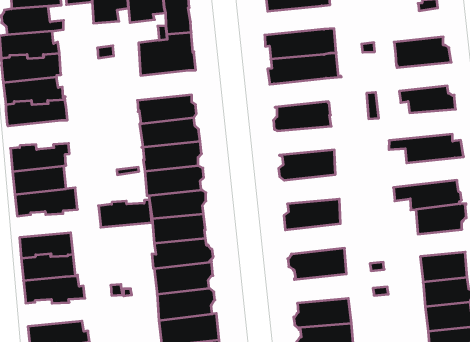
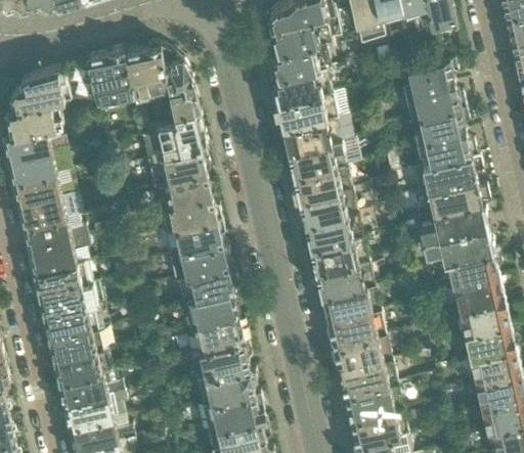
building: none -> [270,71,333,107]
building: none -> [399,61,457,98]
building: none -> [411,111,469,147]
building: none -> [146,152,209,189]
building: none -> [287,140,360,179]
building: none -> [411,157,482,198]
building: none -> [25,219,88,254]
building: none -> [298,189,372,227]
building: none -> [420,208,486,245]
building: none -> [309,239,369,275]
building: [98,200,152,227] -> [45,309,101,343]
building: none -> [318,288,381,325]
building: none -> [453,279,504,312]
building: none -> [331,338,391,374]
building: none -> [64,396,126,432]

